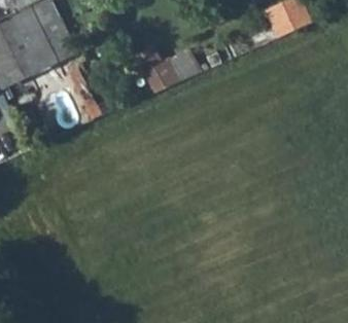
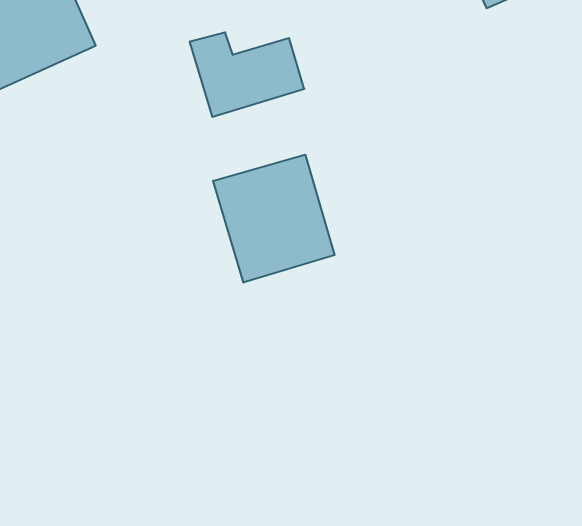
building: none -> [213,155,335,283]

